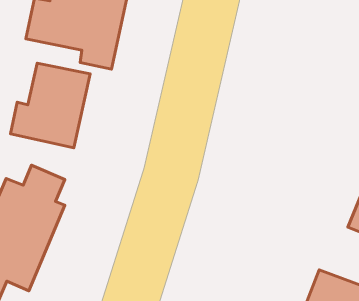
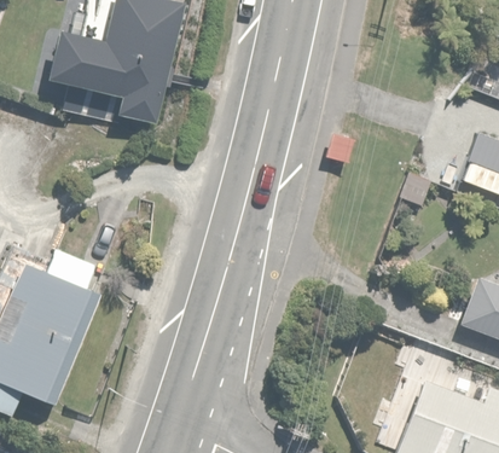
building: [10,63,90,148] -> none

